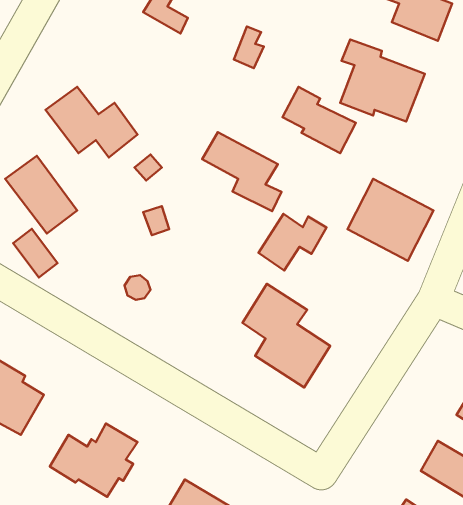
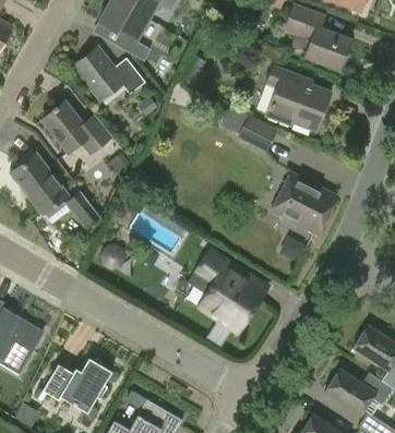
building: none -> [73,46,145,99]
building: [202,132,282,211] -> none
building: [258,214,327,270] -> none
building: [13,229,58,278] -> [65,191,99,228]

